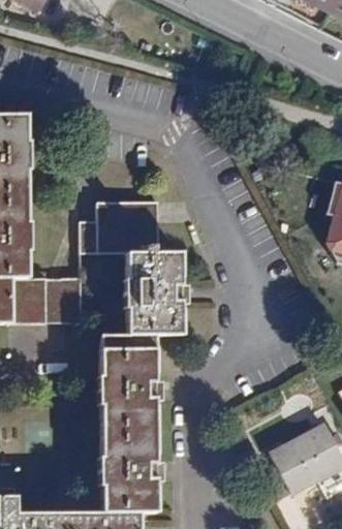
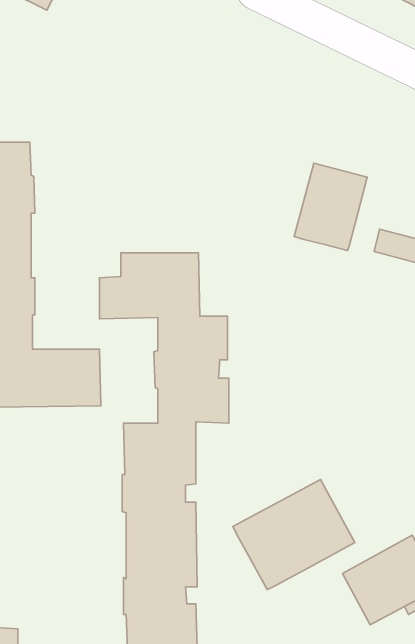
building: none -> [294,163,367,250]
building: none -> [233,480,355,590]

